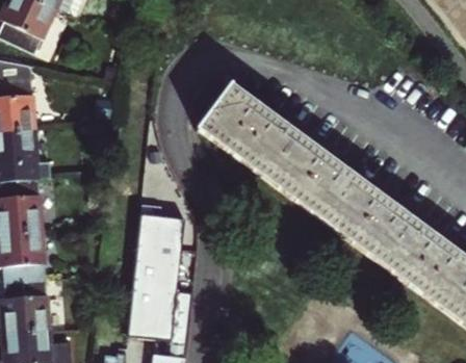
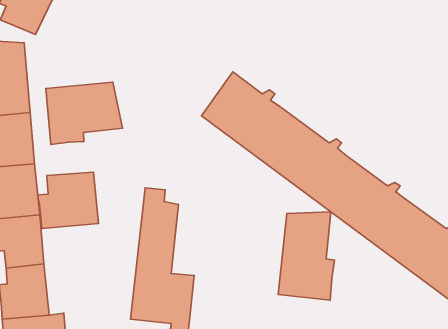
building: none -> [46,82,122,144]
building: none -> [38,172,99,229]
building: none -> [278,212,334,300]

